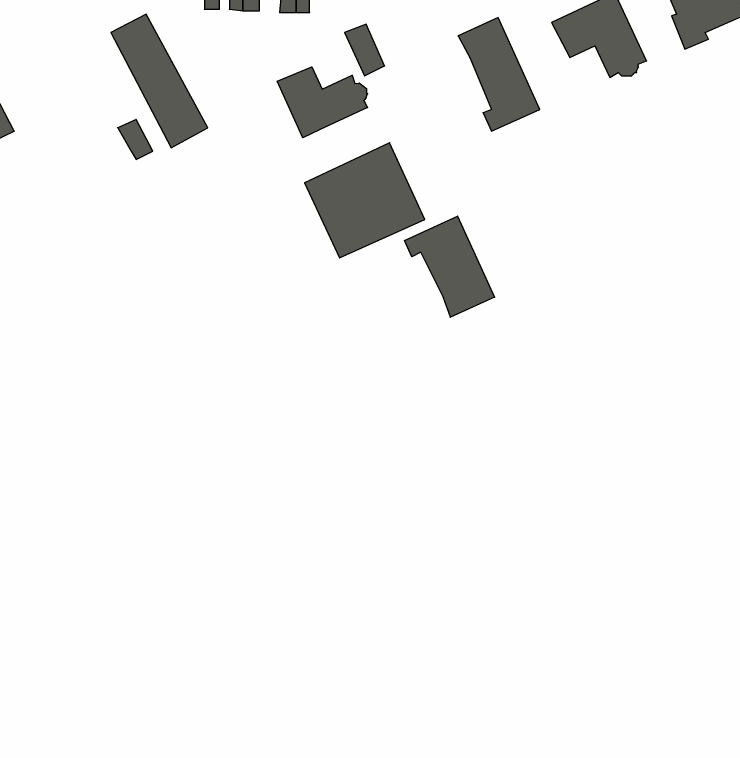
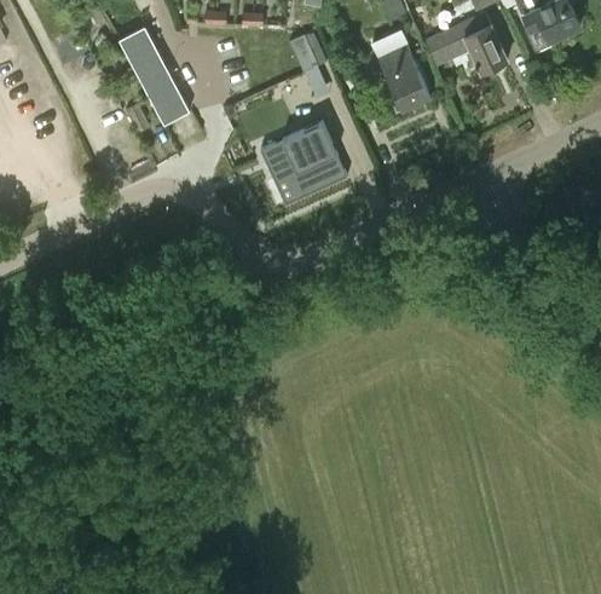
building: [277,67,368,138] -> none
building: [404,216,495,317] -> none

